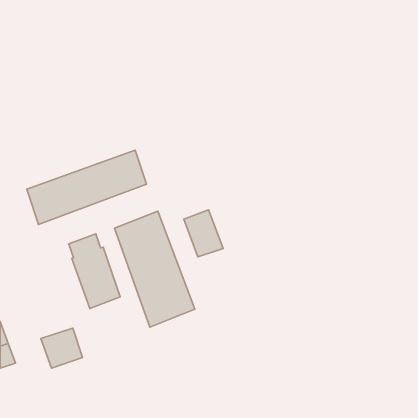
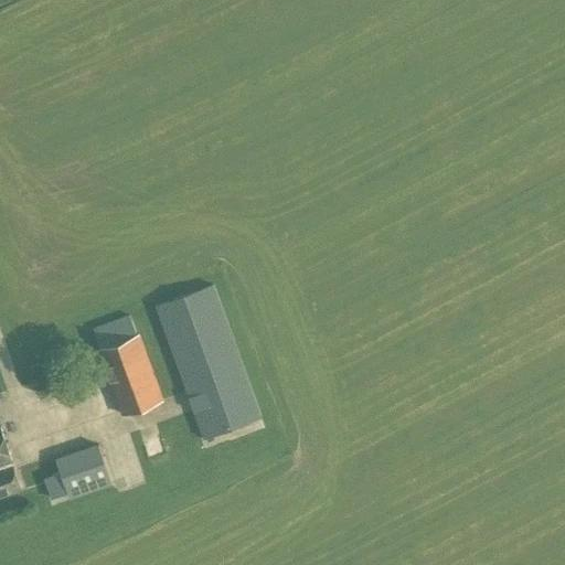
building: [27,150,146,225] -> none
building: [184,210,223,257] -> none

